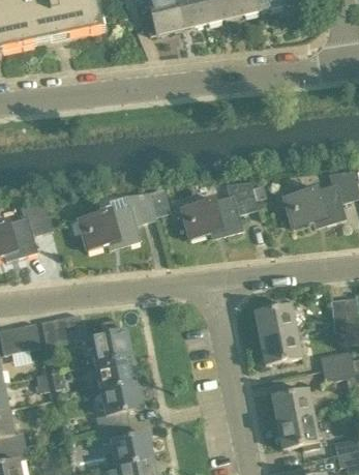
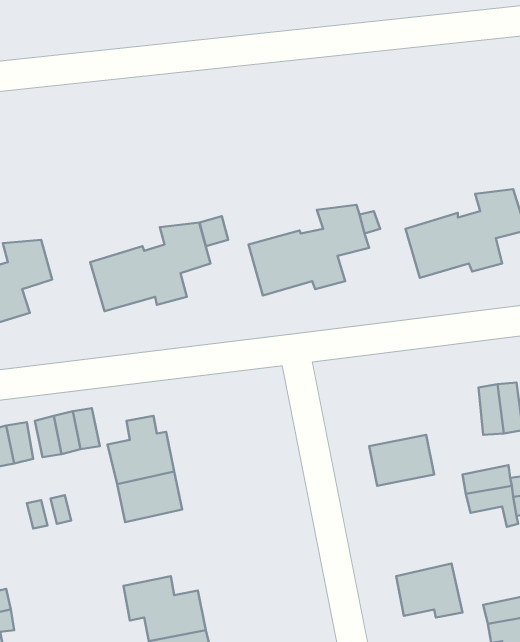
building: [253,303,296,337] -> none
building: [95,379,142,428] -> none
building: [271,388,312,422] -> none

